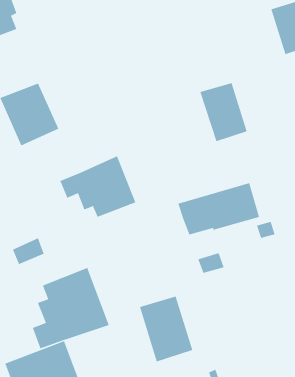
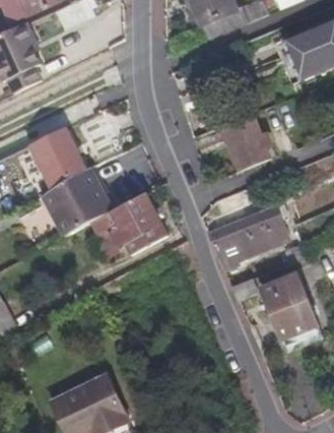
building: none -> [44,169,110,235]
building: [32,267,110,349] -> none
building: [139,296,193,362] -> [259,275,314,341]

